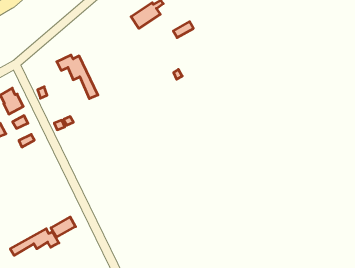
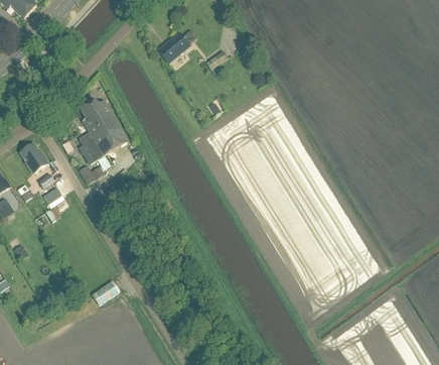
building: none -> [79,113,120,159]
building: [10,229,59,255] -> none

